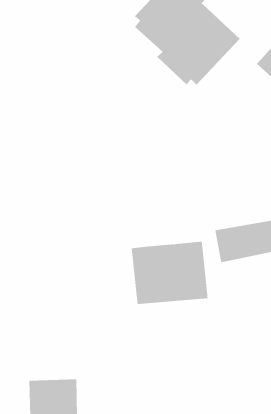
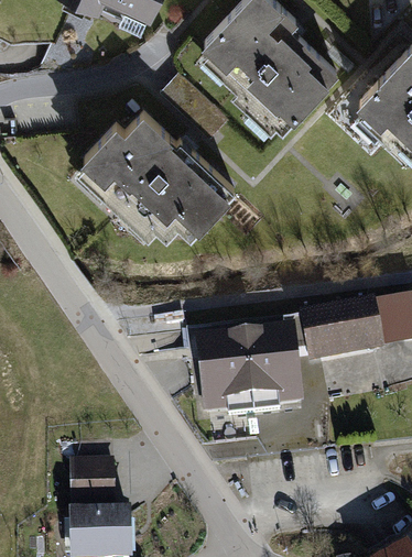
building: none -> [78,112,229,242]
building: none -> [68,455,116,504]

